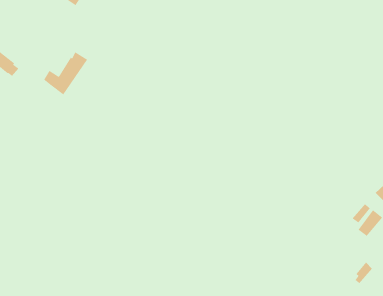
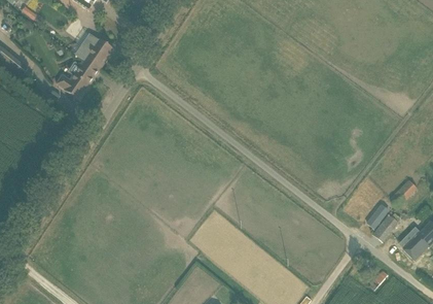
building: none -> [76,32,112,62]

